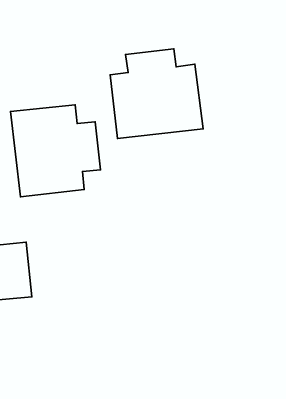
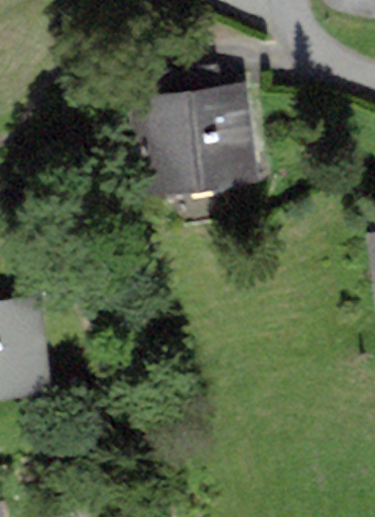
building: [11,105,101,197] -> none

